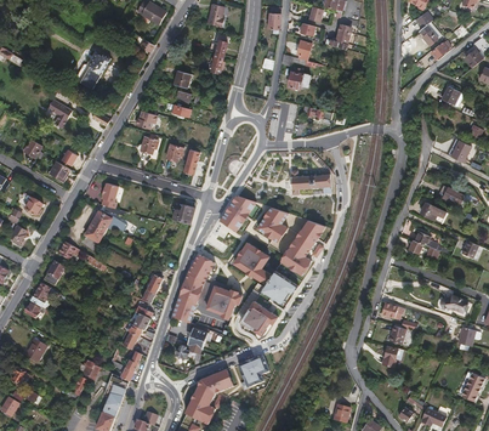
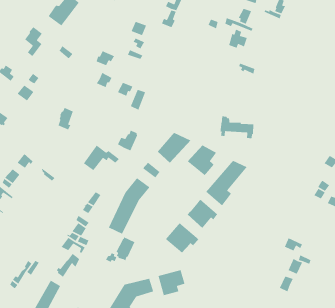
building: [84,211,126,243] -> [83,144,120,171]
building: [233,242,273,284] -> none
building: [206,284,244,319] -> none

